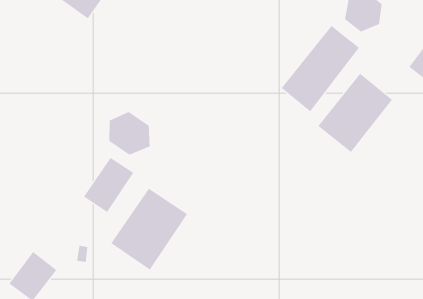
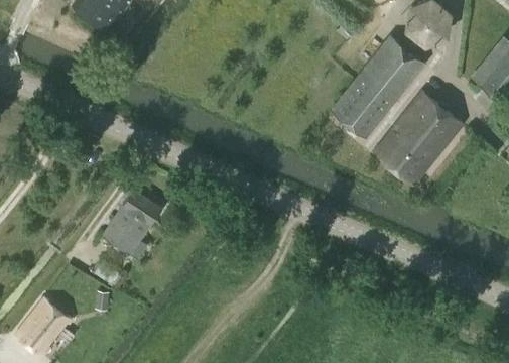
building: [109,111,150,156] -> none
building: [110,188,188,270] -> none

